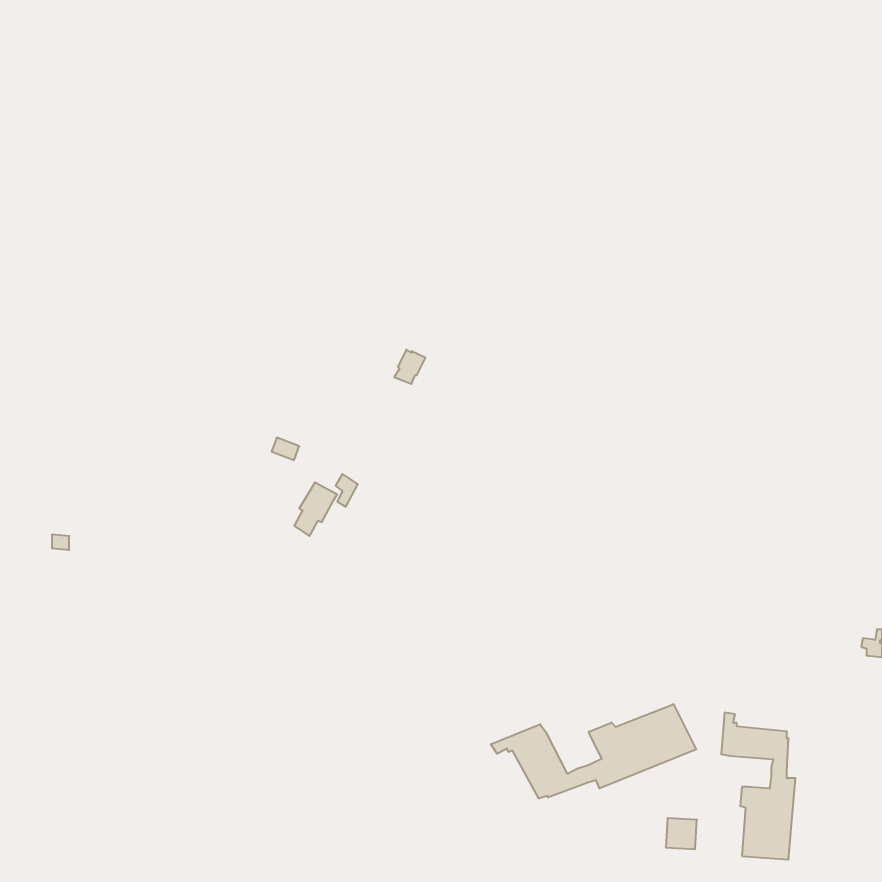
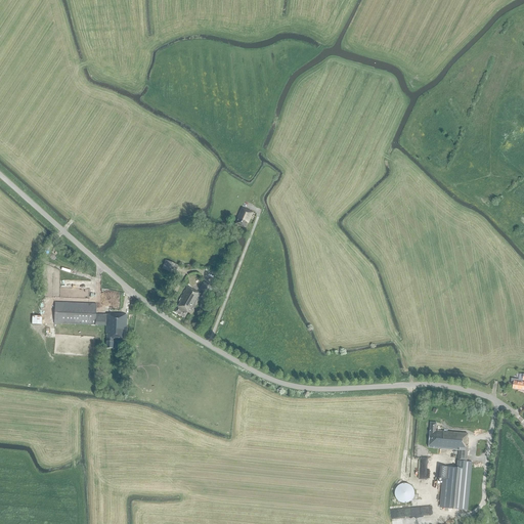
building: none -> [53,301,126,347]
building: [491,704,696,799] -> none

